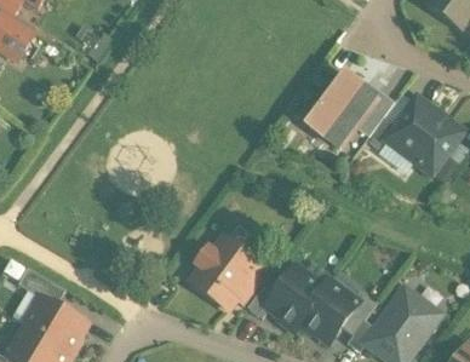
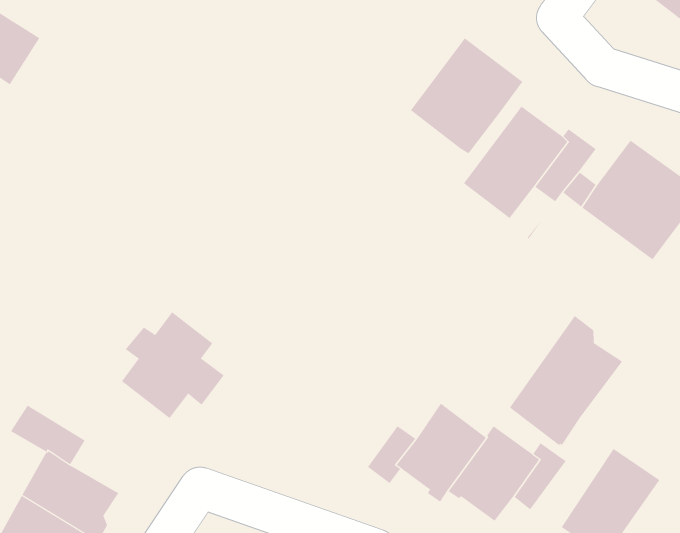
building: none -> [410,38,523,154]
building: none -> [509,315,623,447]
building: [193,236,259,305] -> [121,312,224,419]

